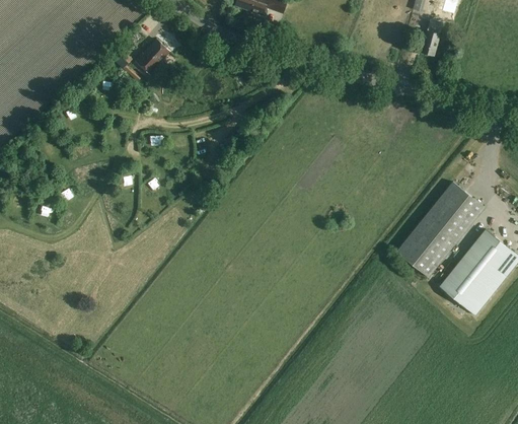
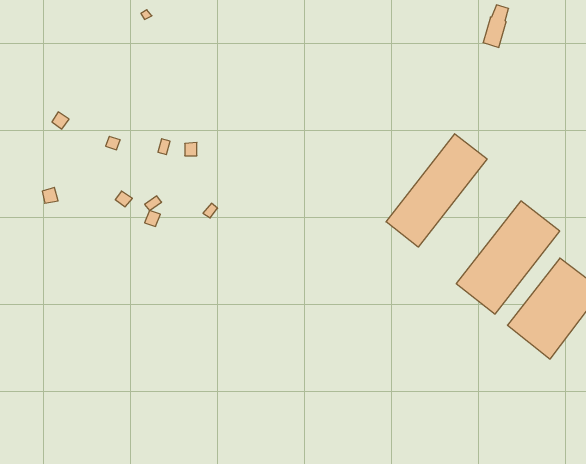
building: [133,39,169,76] -> none
building: none -> [386,134,487,247]

